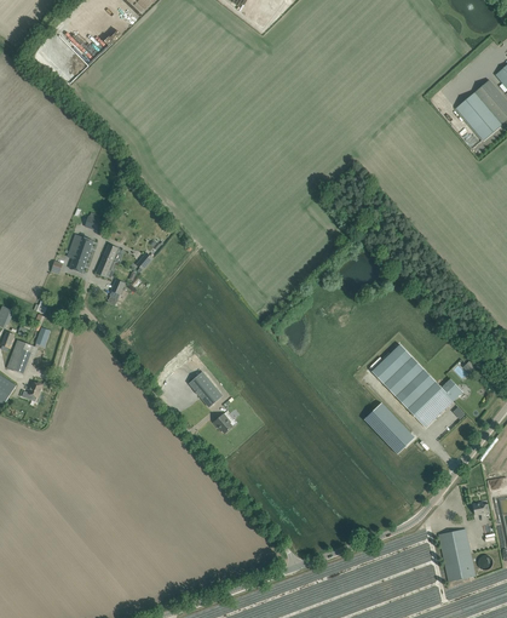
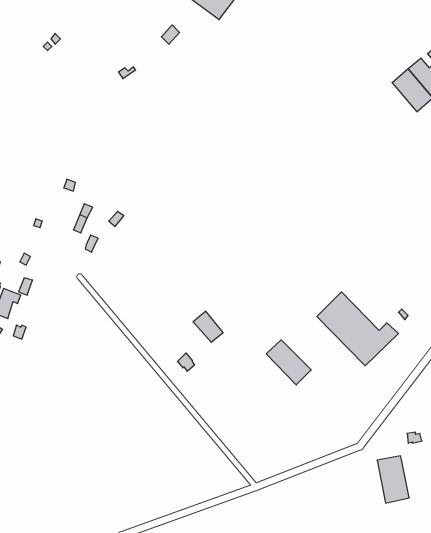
building: [67,234,92,271] -> none
building: [188,371,221,406] -> [193,311,223,342]
building: [363,402,414,453] -> [266,340,311,385]

